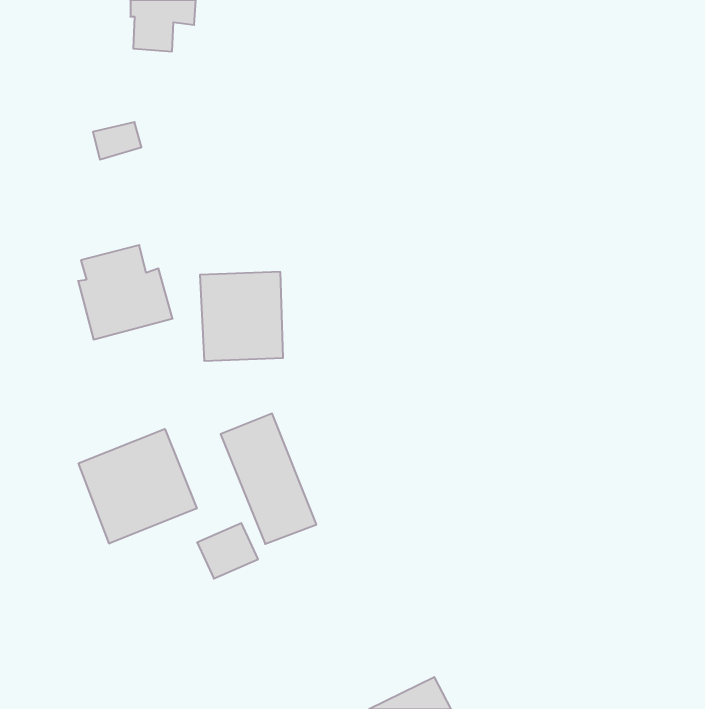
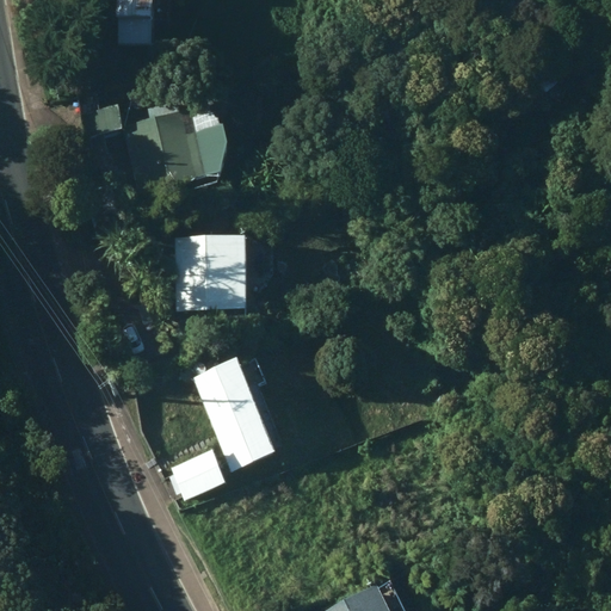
building: [78,245,173,339] -> [128,111,209,192]
building: [79,429,197,544] -> none

